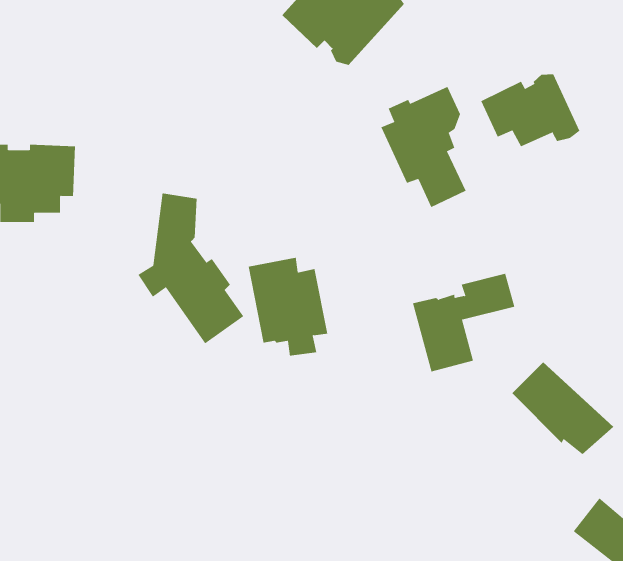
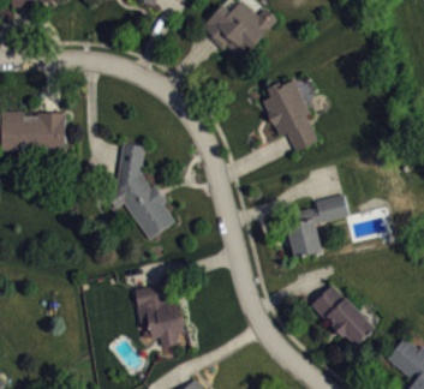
building: [481,73,580,147] -> none
building: [248,257,328,356] -> [133,282,185,346]
building: [511,361,614,455] -> [310,285,376,345]

